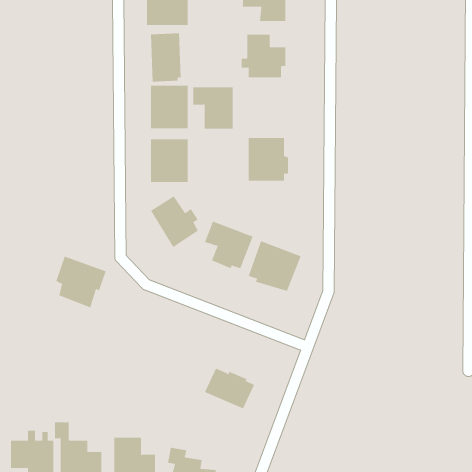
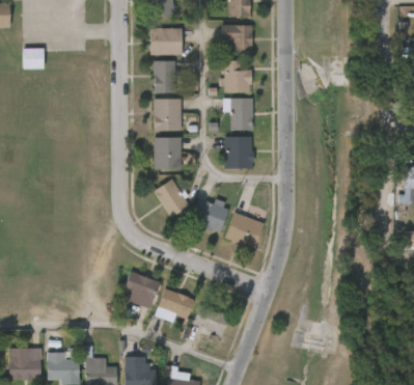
building: [193,87,234,129] -> [222,99,252,130]
building: [56,256,106,308] -> [123,272,161,310]
building: none -> [154,290,193,324]

